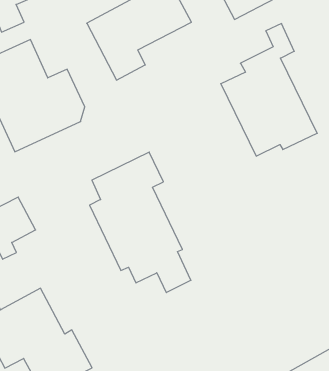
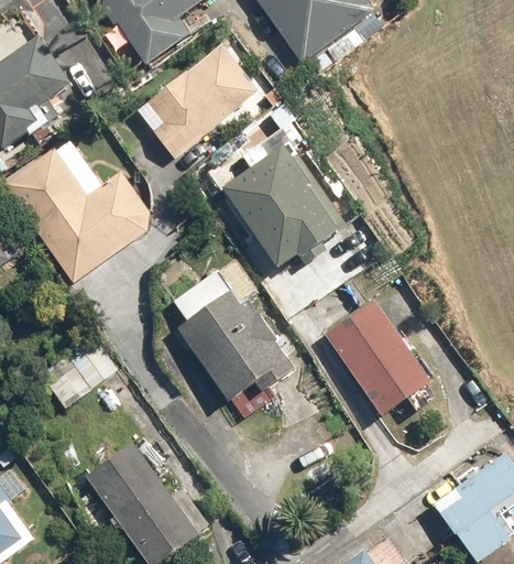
building: [221,24,317,156] -> [220,100,347,265]
building: none -> [320,296,434,416]

